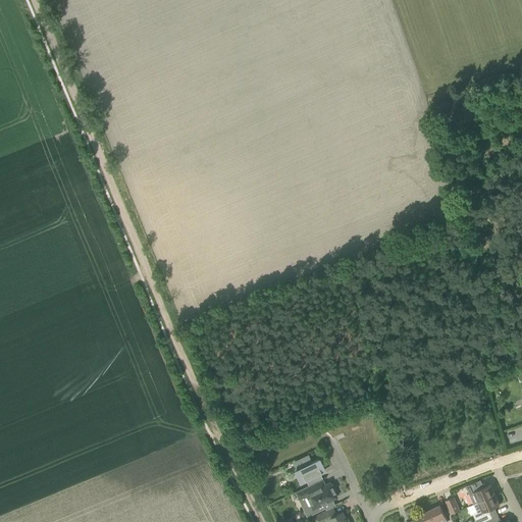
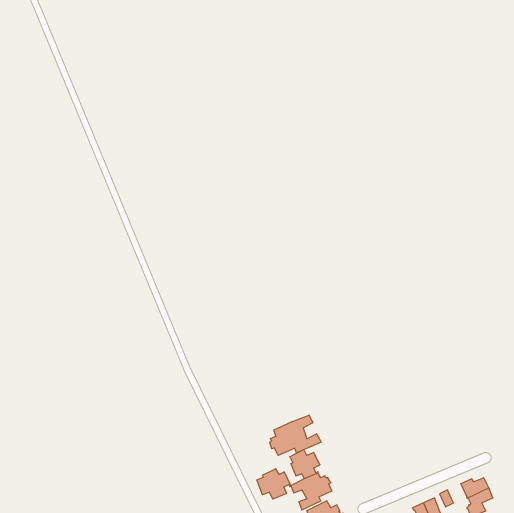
building: none -> [270,415,321,455]
building: none -> [257,469,291,499]

